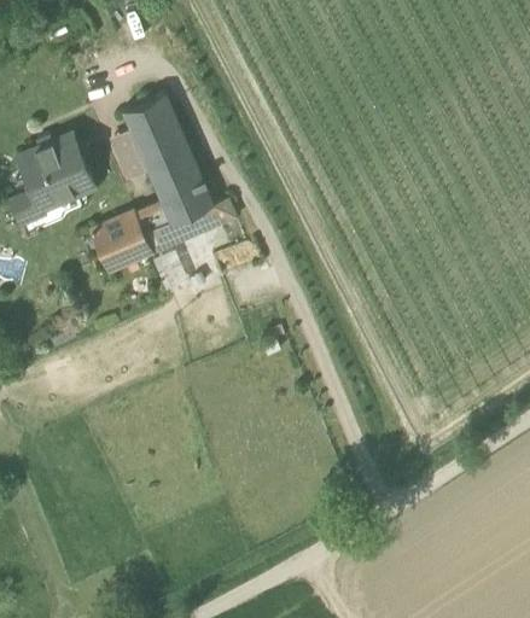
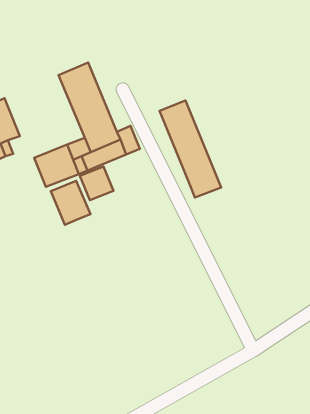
building: [45,133,99,198] -> none
building: none -> [160,101,221,198]
building: none -> [51,181,91,225]

